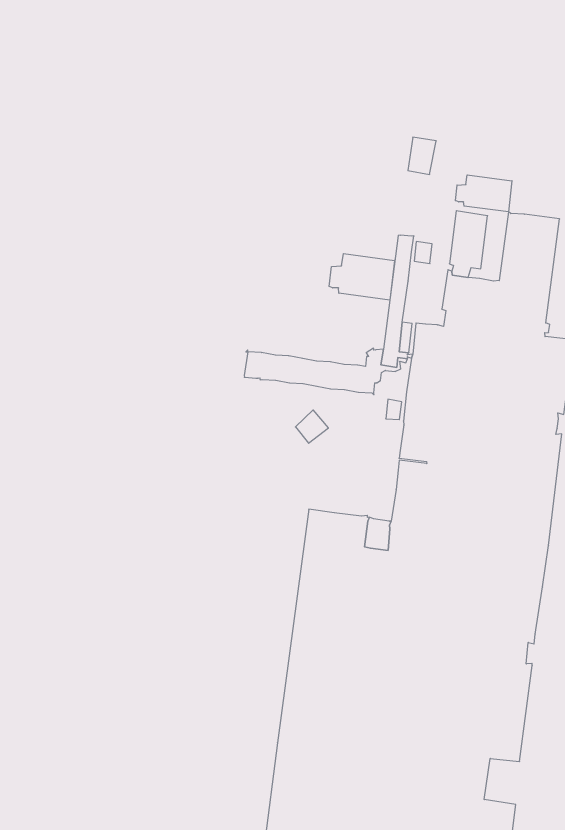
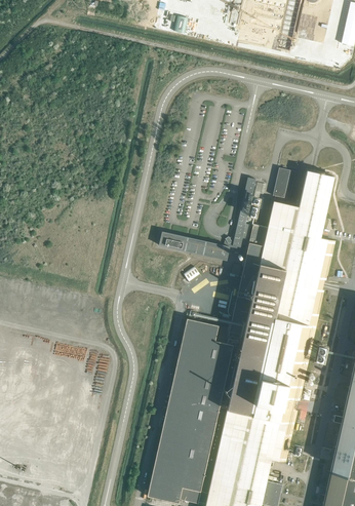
building: [455,175,512,212] -> none
building: [329,254,394,300] -> none

